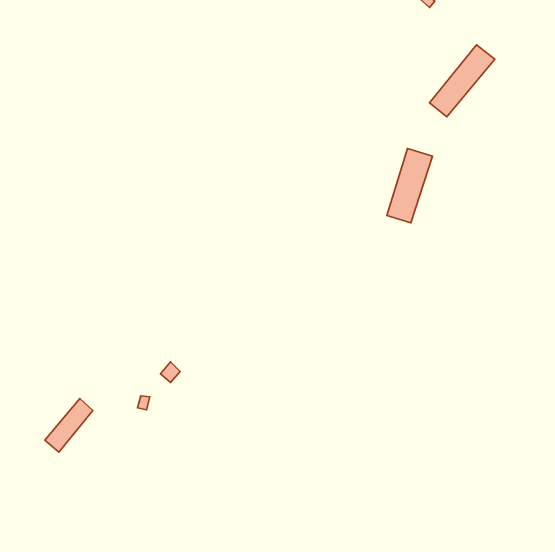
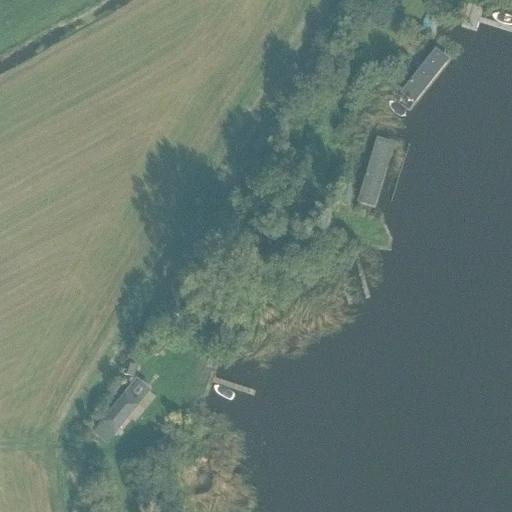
building: [45,399,93,452] -> [95,391,139,440]

